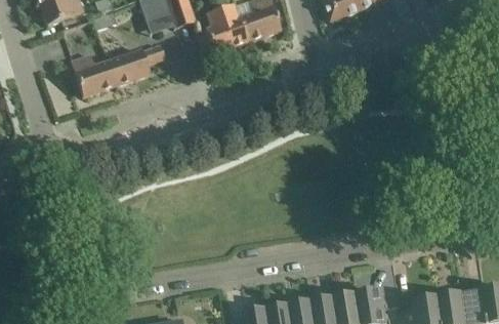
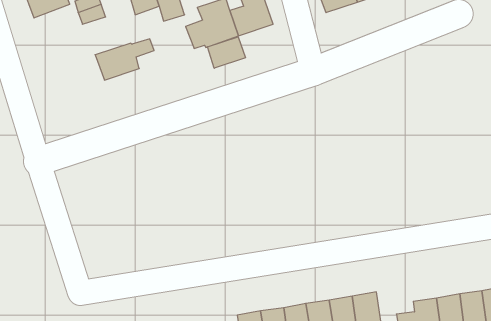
building: none -> [207,37,246,68]
building: [71,53,116,95] -> none

